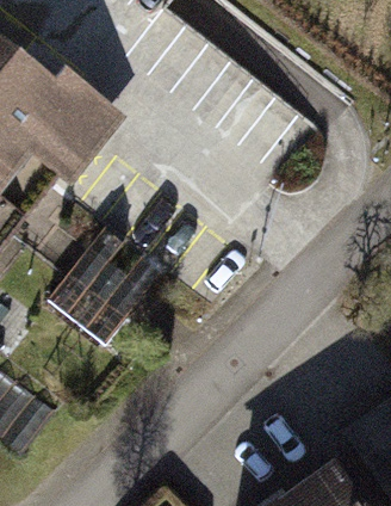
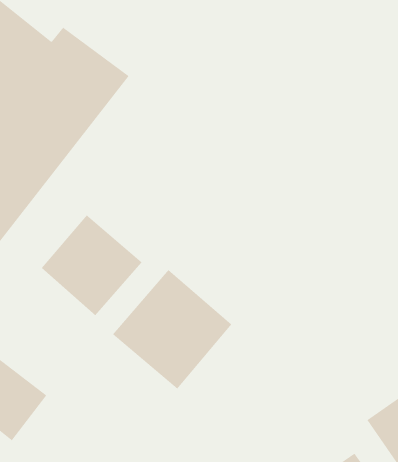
building: none -> [112,269,232,389]

